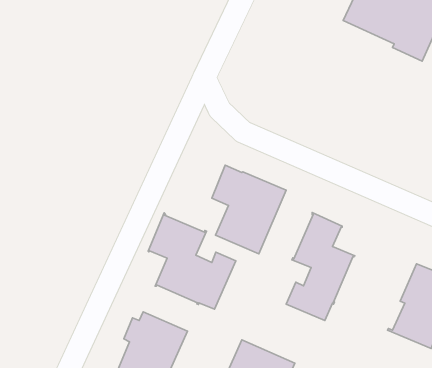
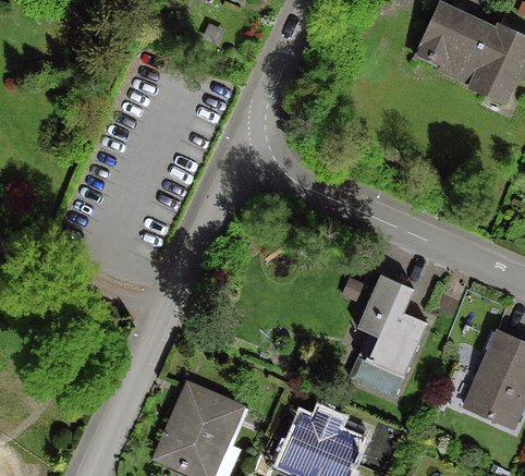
building: [212,165,286,254] -> none
building: [148,213,236,309] -> none

